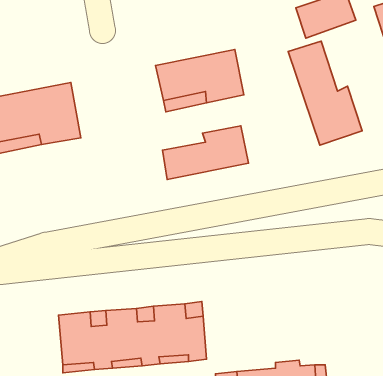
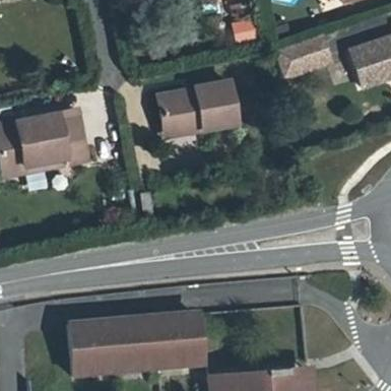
building: [288,41,362,145] -> none
building: [162,126,248,179] -> none

